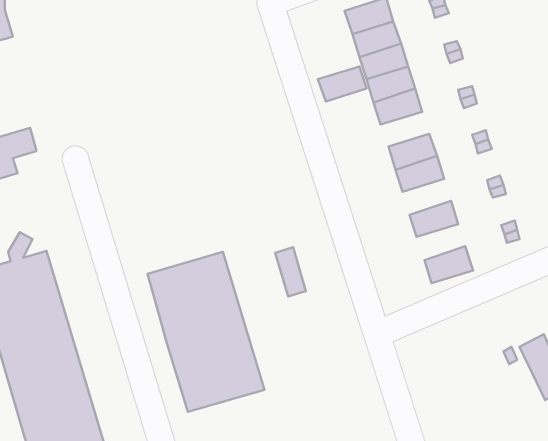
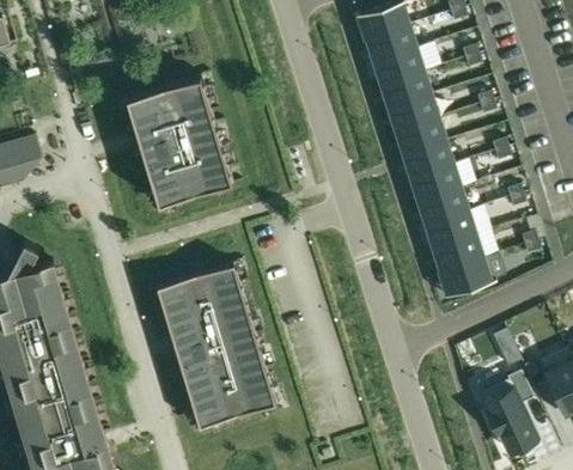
building: [318,67,367,101] -> [395,118,445,154]
building: none -> [123,75,231,206]
building: none -> [417,188,468,225]
building: none -> [432,234,482,271]
building: [275,247,306,296] -> none
building: none -> [478,371,535,453]

